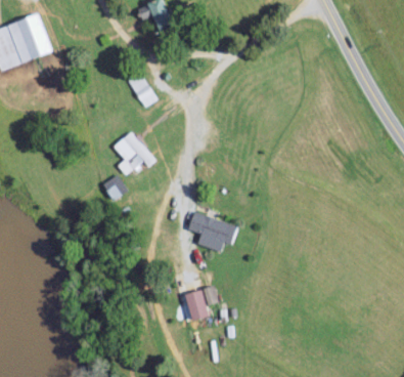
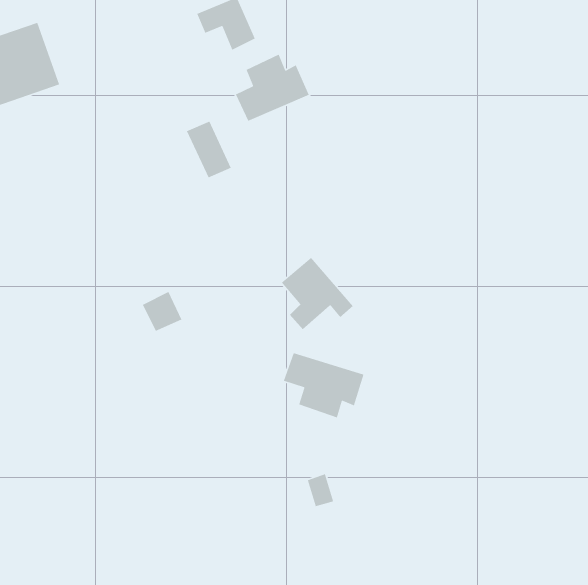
building: none -> [235,53,310,122]
building: [113,131,156,175] -> [281,257,354,330]
building: [183,289,208,321] -> none

